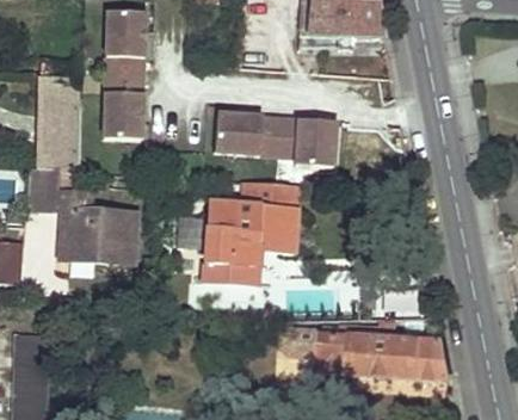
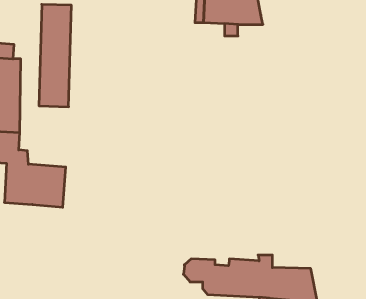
building: [214,113,334,167] -> none
building: [201,183,295,284] -> none

